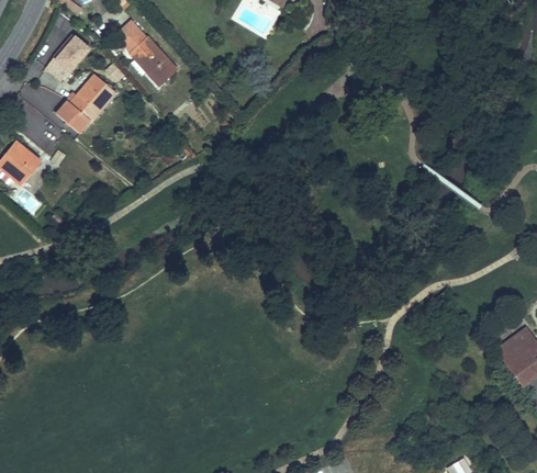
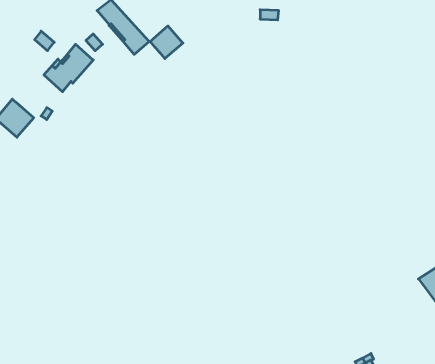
building: [52,36,87,72] -> none
building: none -> [150,26,183,59]

